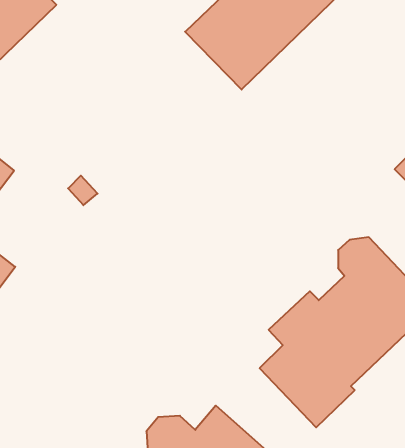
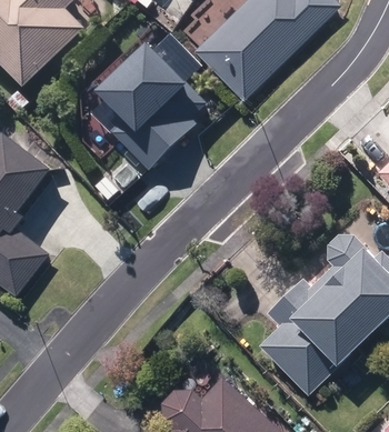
building: none -> [96,46,207,172]

